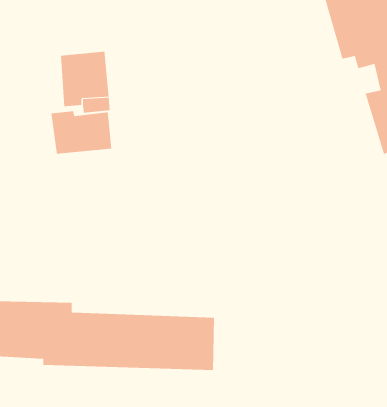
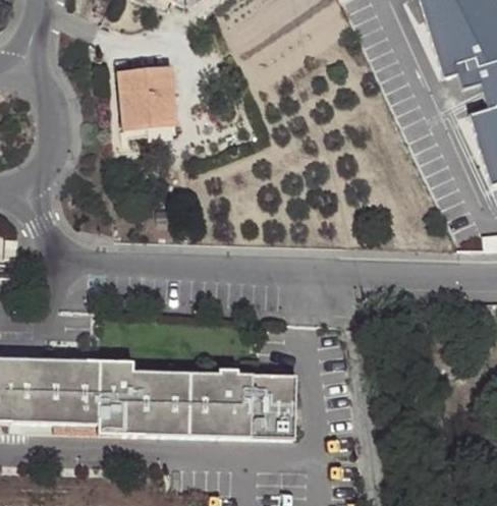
building: [51,111,112,154] -> none

